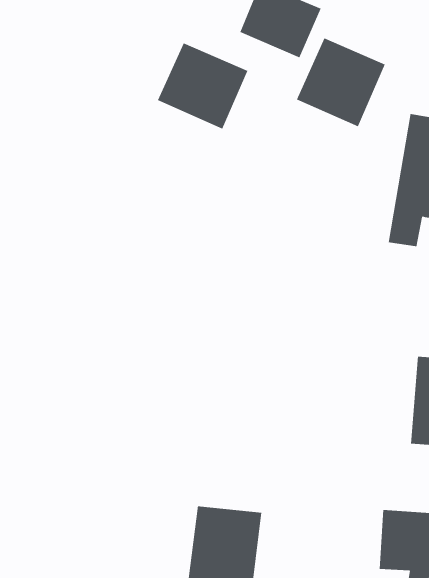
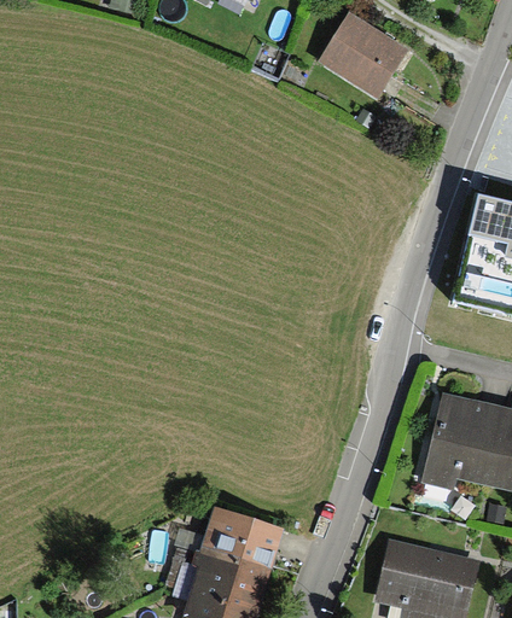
building: [296,38,385,127] -> none
building: [157,43,248,130] -> none

